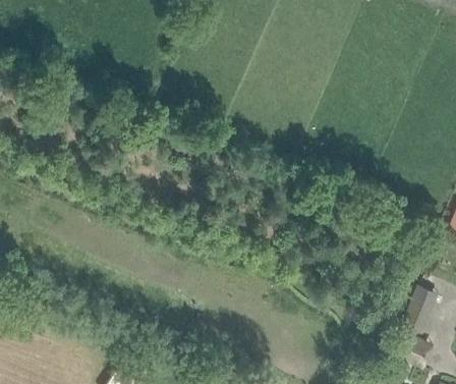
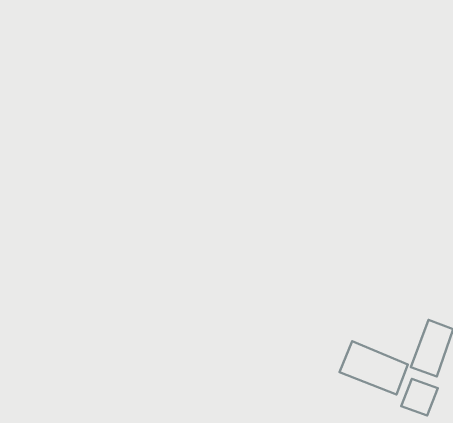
building: none -> [340,341,408,394]

